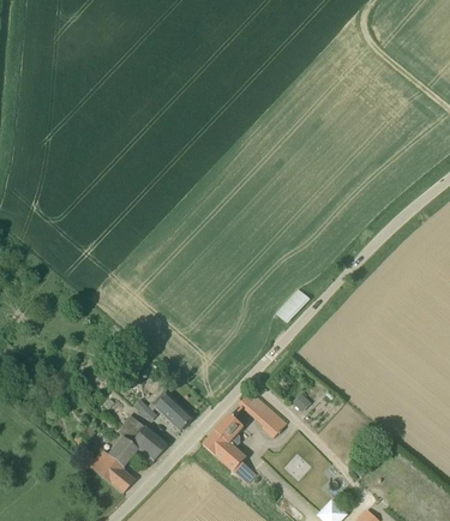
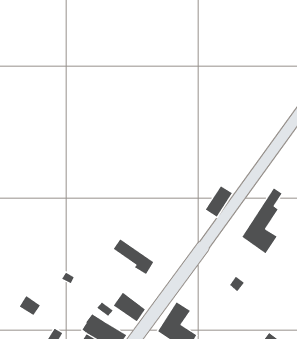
building: none -> [242,188,283,254]
building: [239,391,284,437] -> [113,239,154,275]

